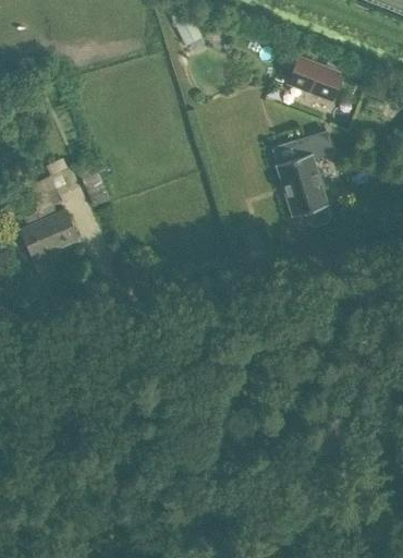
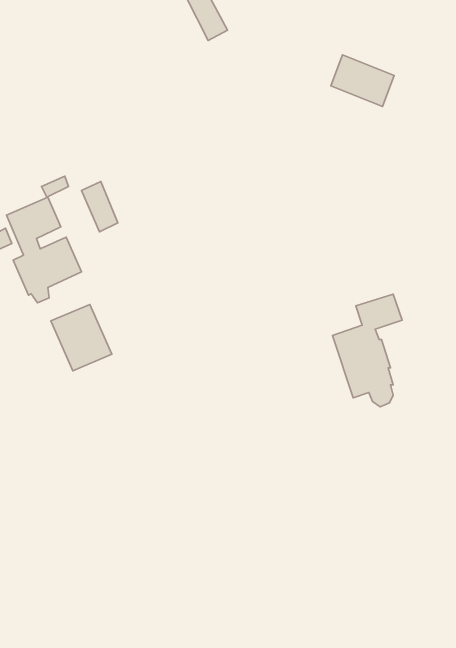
building: [277,129,335,223] -> [333,294,402,407]
building: none -> [51,304,112,371]

